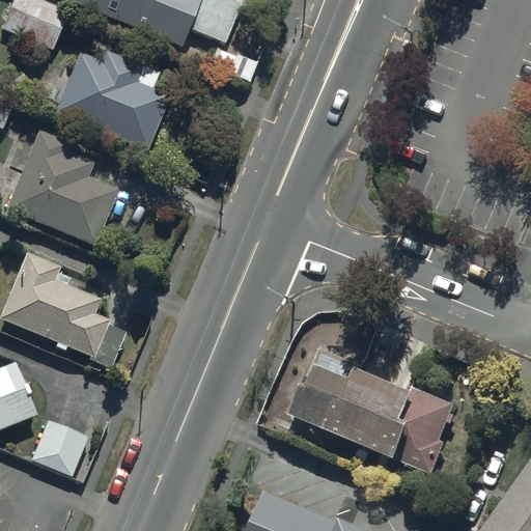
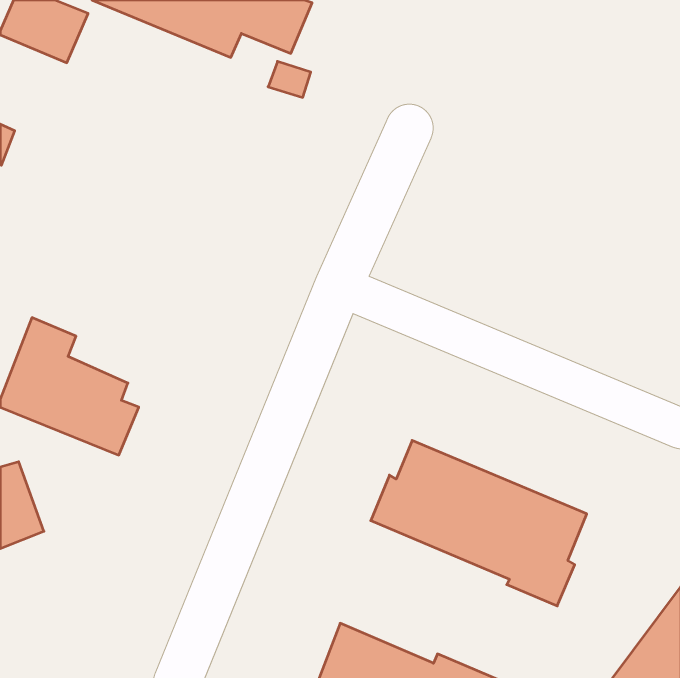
building: [55,49,170,151] -> none
building: [6,130,117,244] -> none
building: [30,420,89,479] -> none

